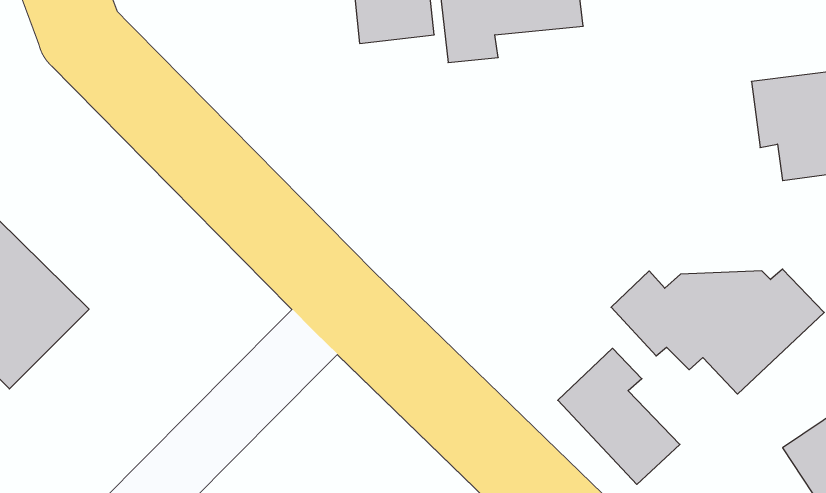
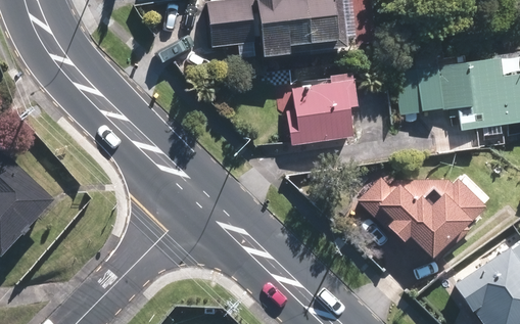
building: none -> [396,66,444,115]
building: none -> [286,78,358,143]
building: [558,348,680,484] -> none

